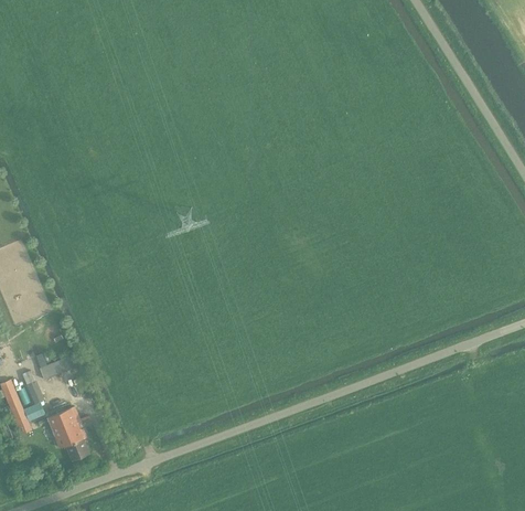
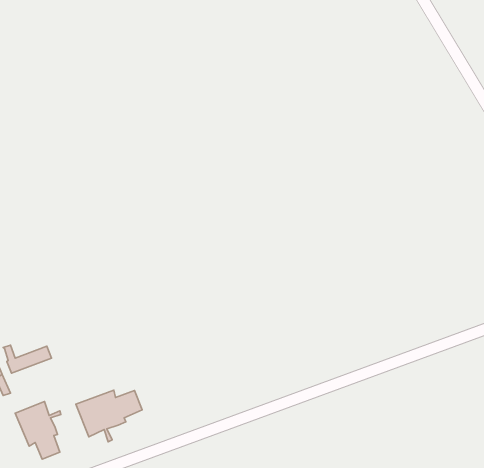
building: none -> [76,390,142,442]

